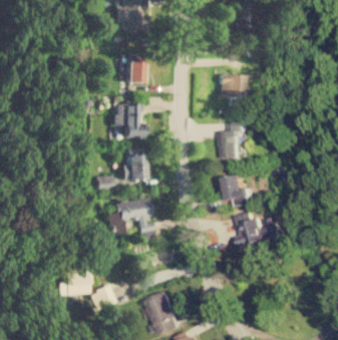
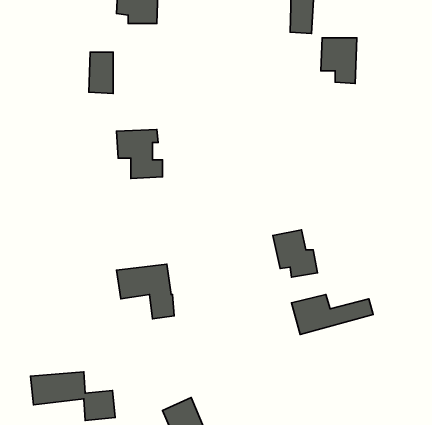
building: [127,55,144,84] -> [89,52,113,94]
building: [221,75,246,107] -> [321,38,357,84]
building: [222,122,247,158] -> none
building: [122,148,146,181] -> none

